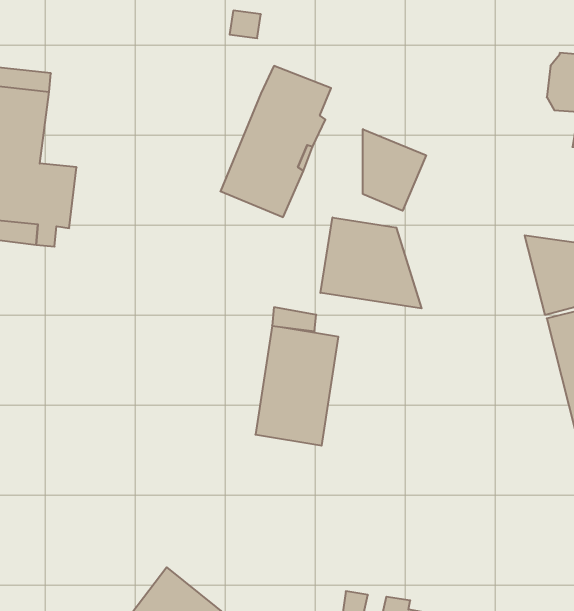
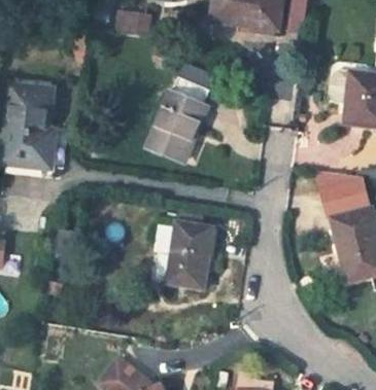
building: [363,129,426,211] -> none
building: [320,217,422,308] -> none

